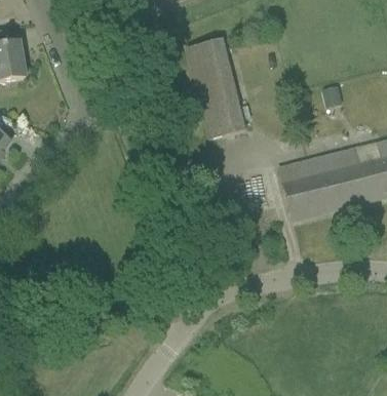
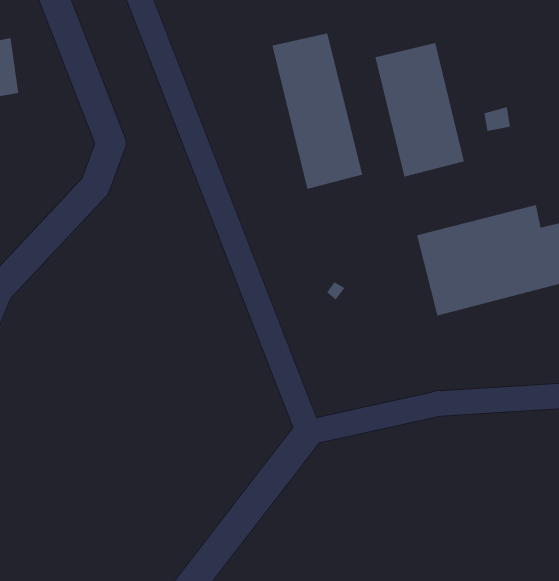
building: none -> [374,42,465,177]

